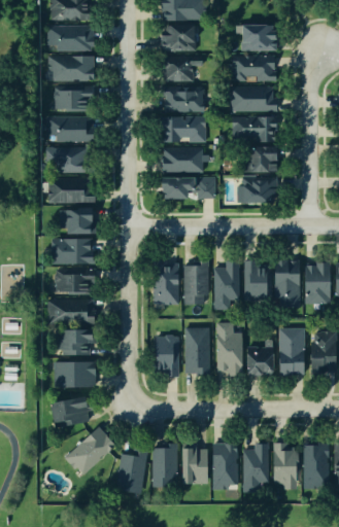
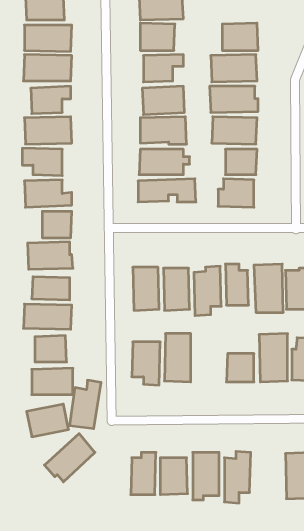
building: [215,323,243,377] -> none
building: [272,444,298,490] -> none
building: [118,445,149,492] -> [70,380,101,429]

